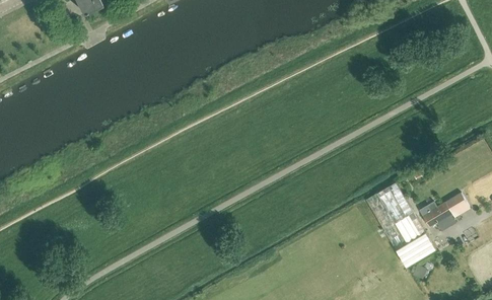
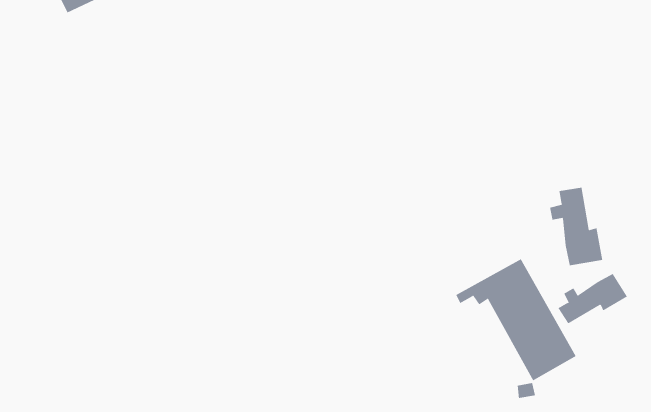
building: none -> [550,187,603,266]

